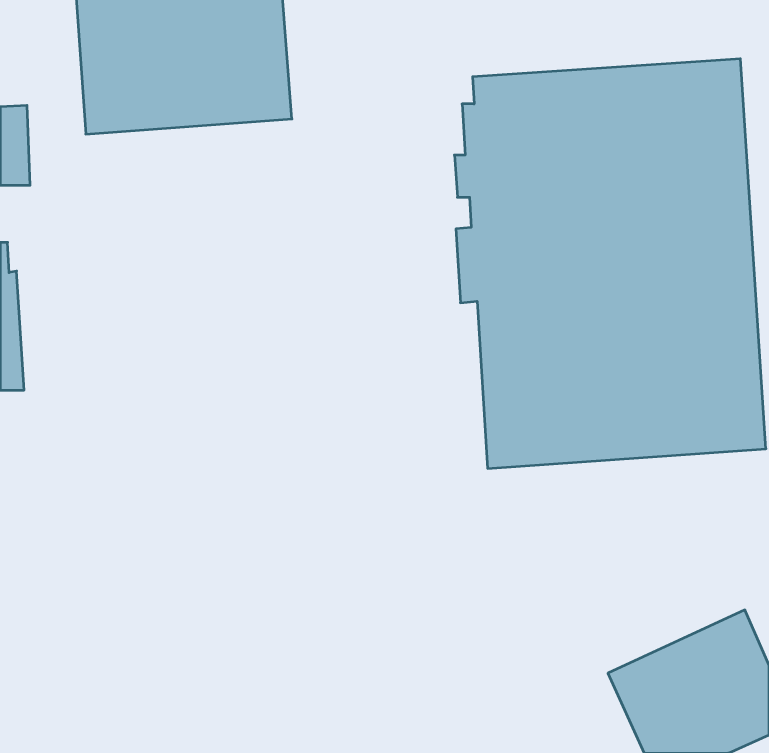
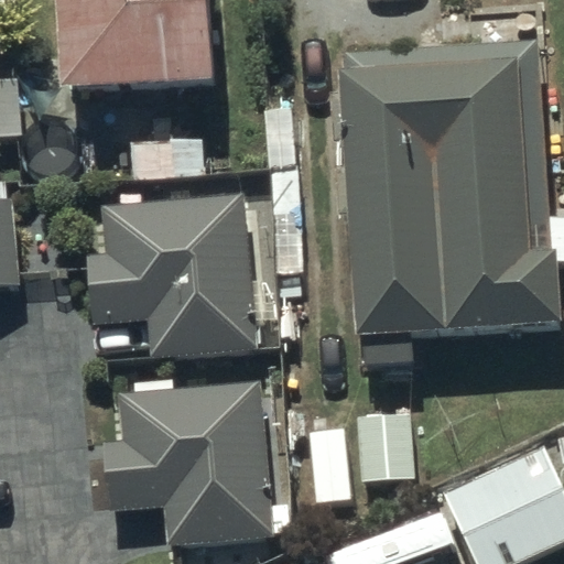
building: none -> [87,196,254,356]
building: none -> [102,372,291,544]

